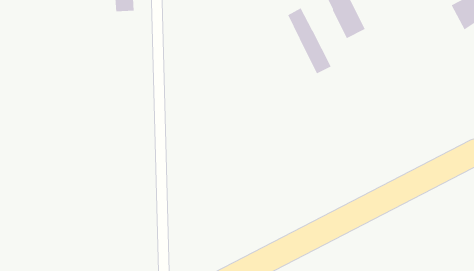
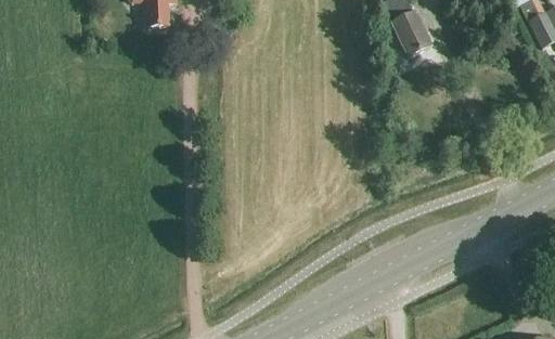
building: [288,7,331,74] -> none

